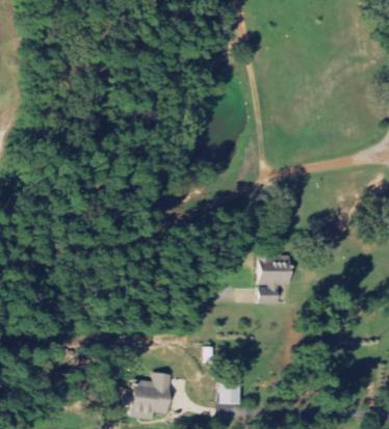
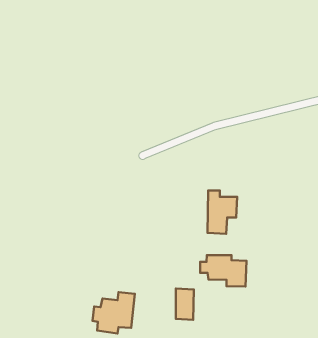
building: none -> [200,255,246,286]

